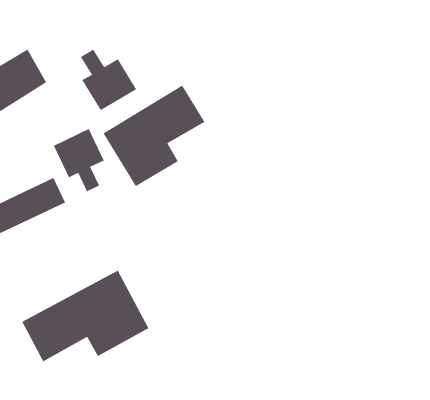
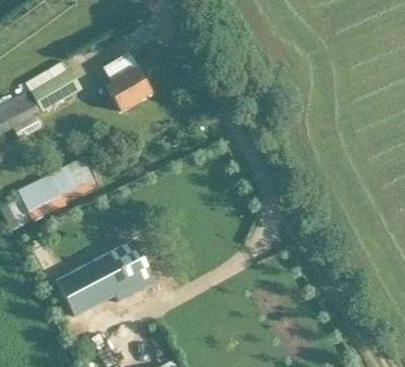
building: [103,85,205,187] -> none
building: [53,128,105,192] -> none

